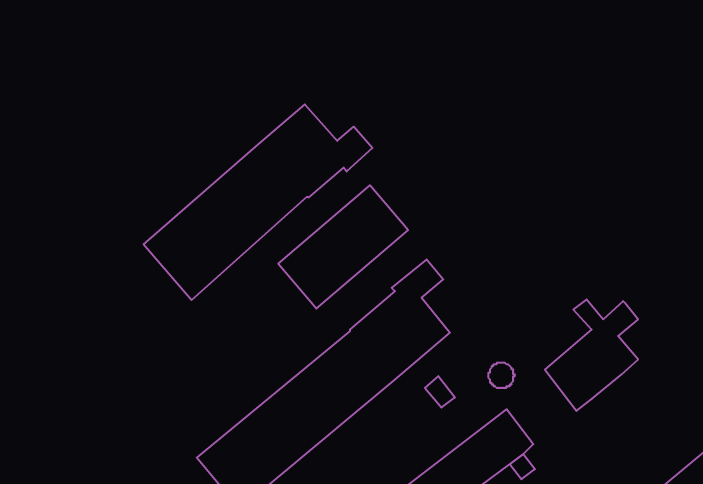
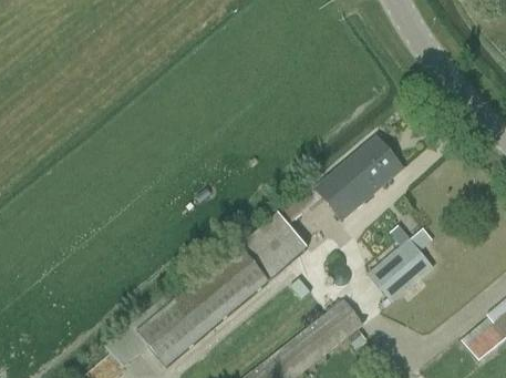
building: [144,104,372,300] -> none
building: [278,185,408,309] -> [316,136,402,218]

